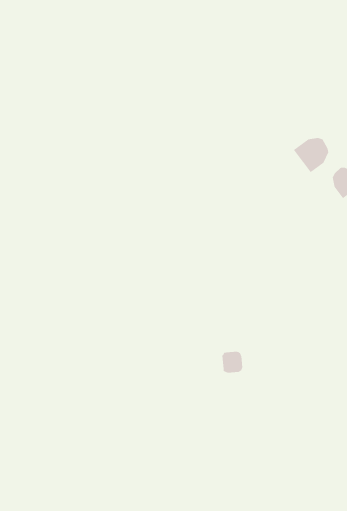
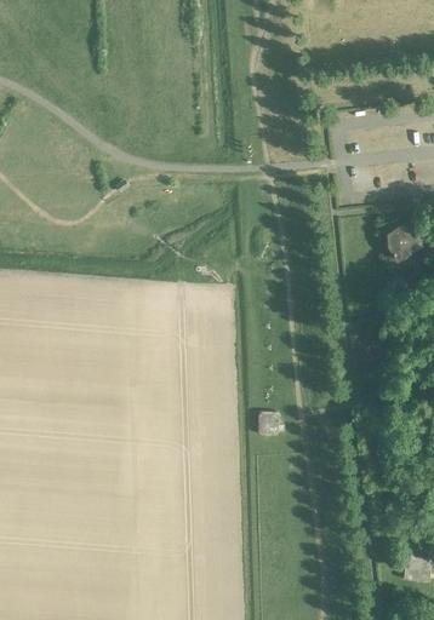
building: [293,137,329,173] -> none

